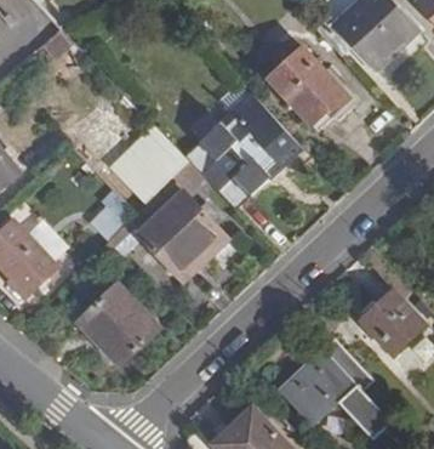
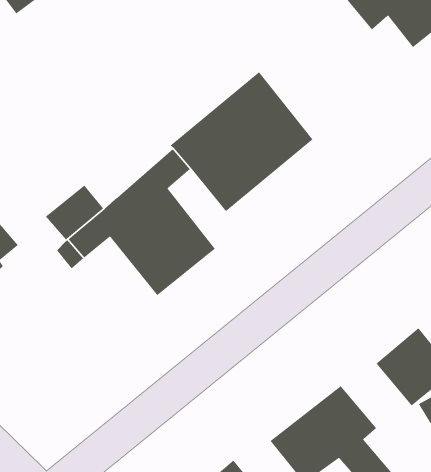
building: [268,49,348,124] -> none
building: [109,125,187,204] -> none
building: [78,285,158,365] -> none

